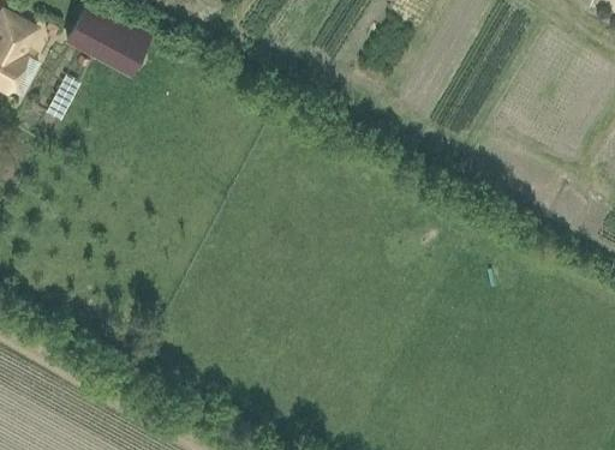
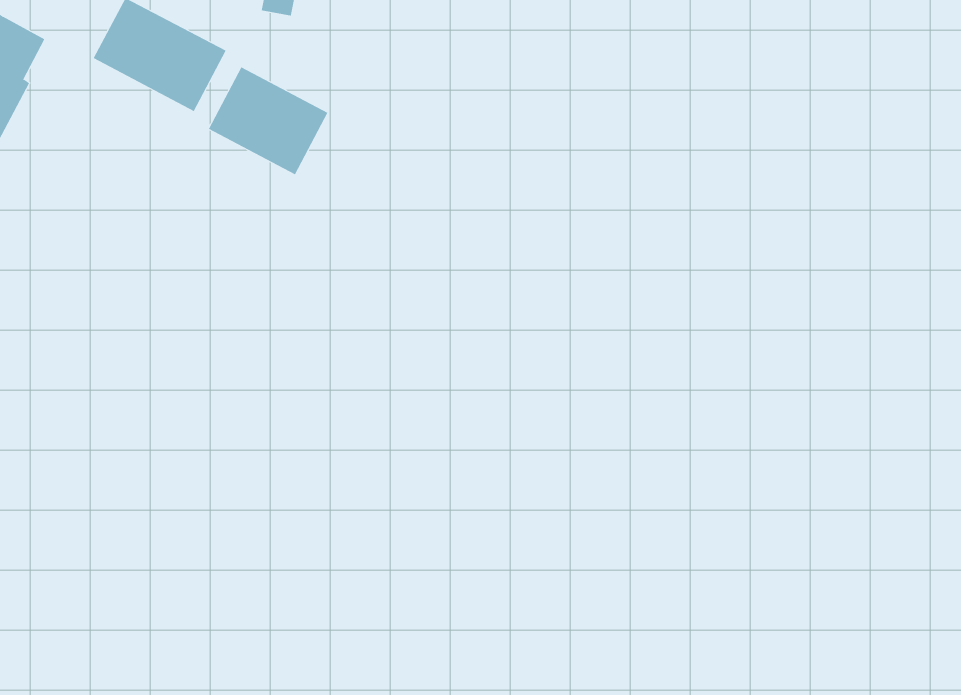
building: none -> [208,67,328,175]

